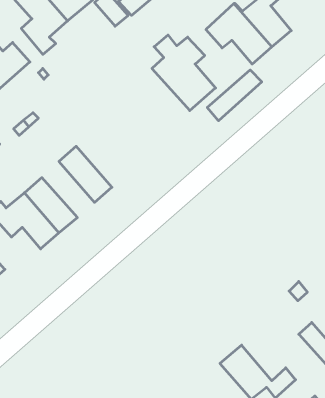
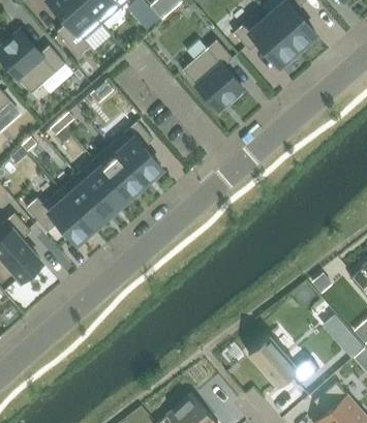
building: [207,70,262,121] -> none
building: none -> [110,123,161,185]
building: none -> [77,160,127,214]

